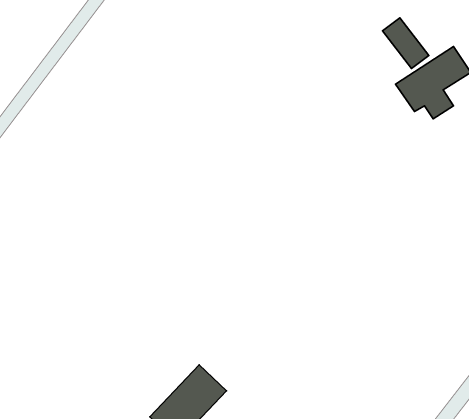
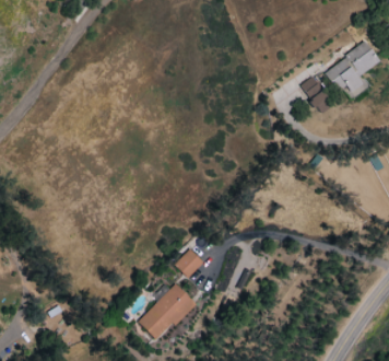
building: [383,18,429,68] -> [299,75,334,114]
building: none -> [174,248,204,277]

